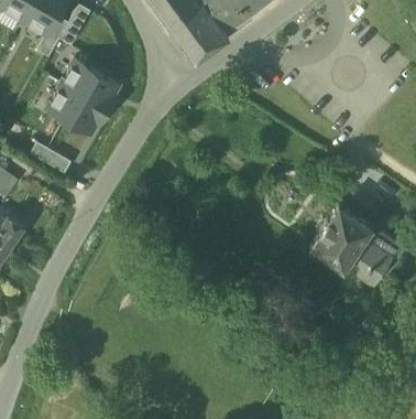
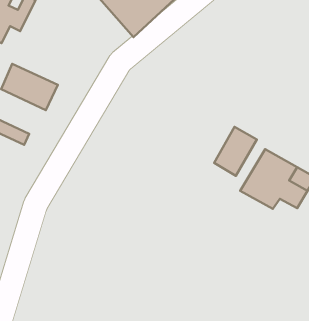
building: [58,55,122,107] -> none
building: none -> [214,127,257,176]

